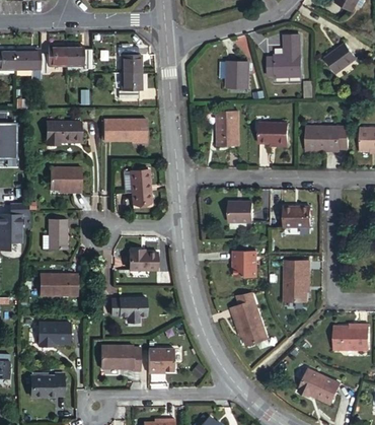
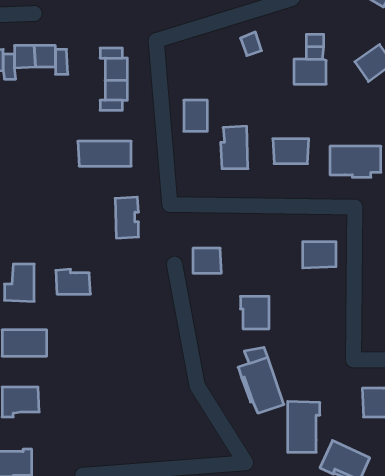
building: [229,64,248,89] -> [184,100,207,131]
building: [47,122,81,145] -> none
building: [49,170,80,196] -> none
building: [229,202,252,222] -> [193,248,221,273]
building: [128,252,156,272] -> [56,269,91,294]
building: [285,259,311,300] -> [288,401,320,452]
building: [110,301,145,323] -> none
building: [99,348,138,372] -> none
building: [145,350,170,375] -> none

